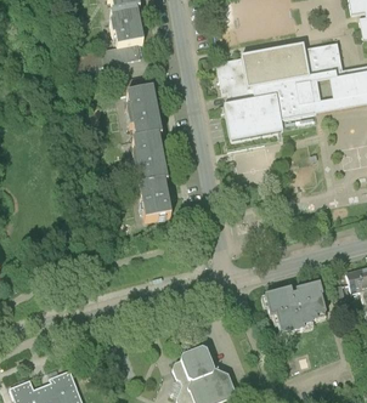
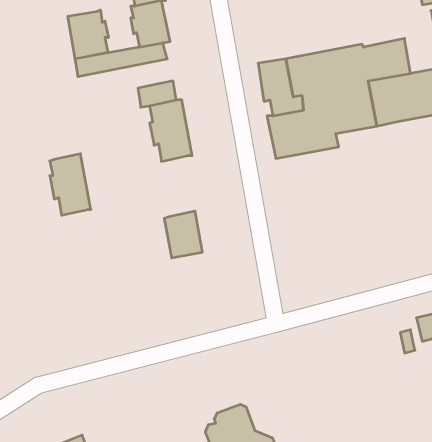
building: none -> [68,10,108,59]
building: [132,137,166,188] -> [50,154,91,215]
building: [266,282,327,333] -> none

